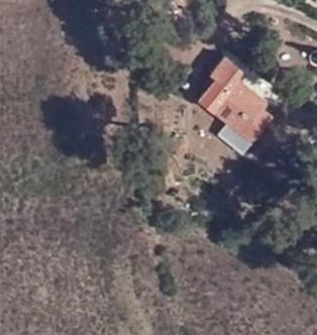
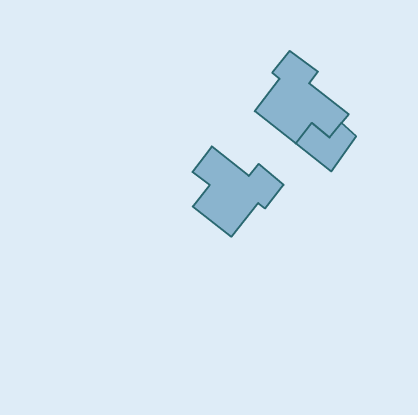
building: none -> [192,146,284,237]

